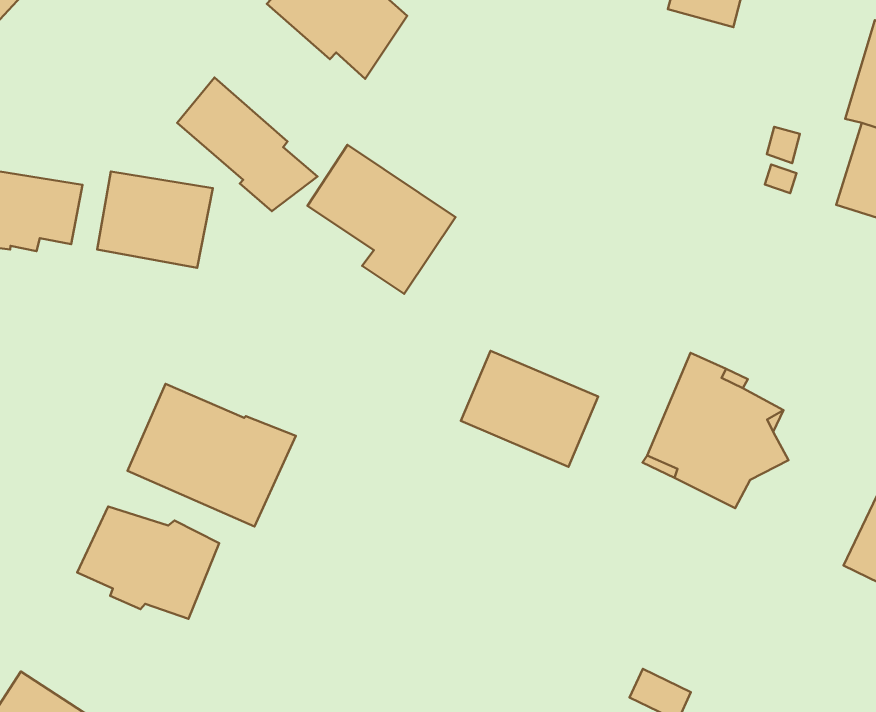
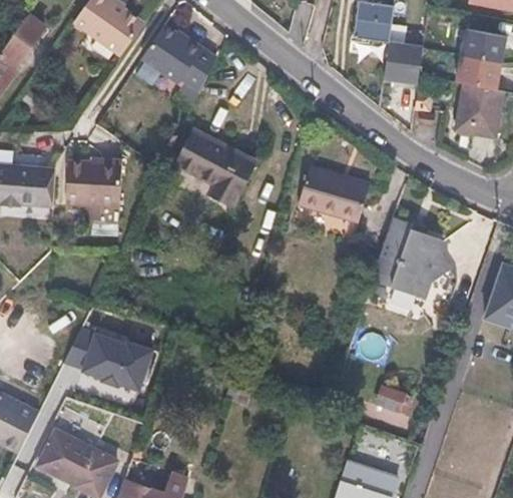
building: none -> [384,40,424,82]
building: [177,77,318,211] -> none
building: [461,351,598,467] -> [299,165,370,221]
building: [127,384,296,526] -> none

